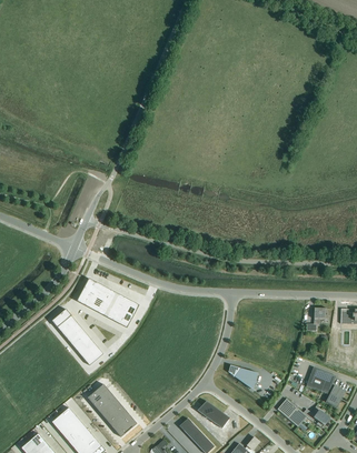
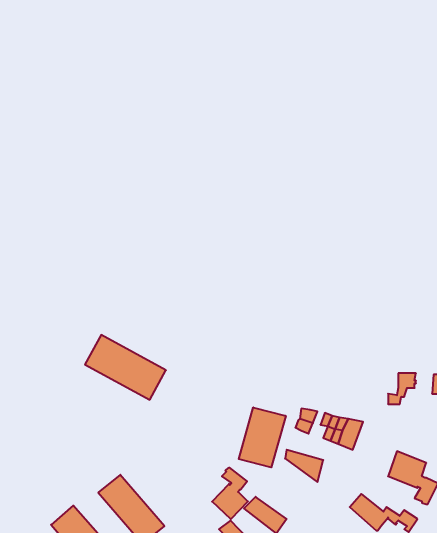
building: [51,309,102,365] -> none
building: none -> [239,407,286,467]
building: none -> [212,468,248,519]

